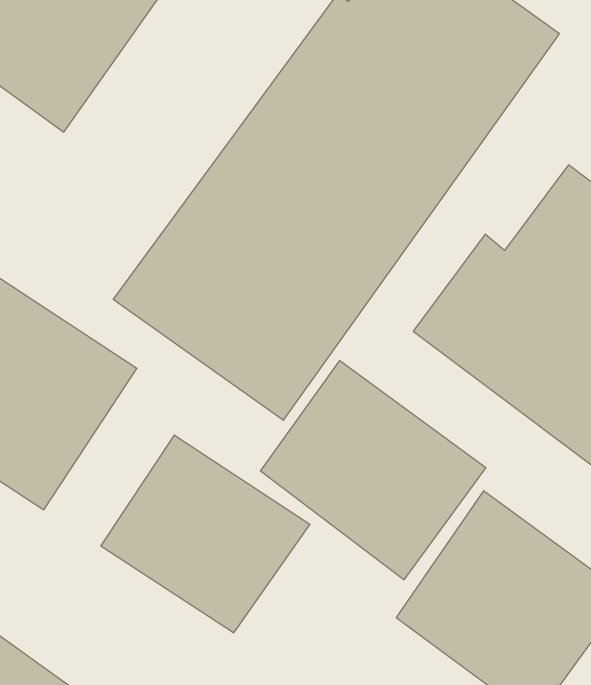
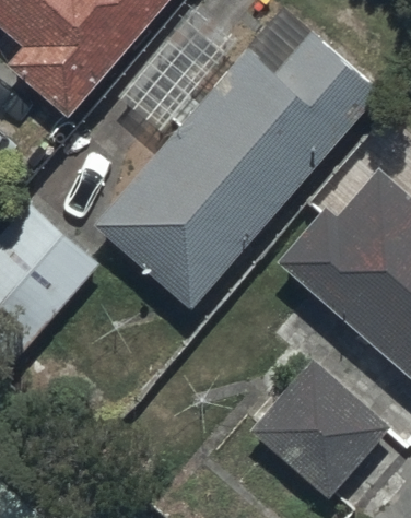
building: [261,361,486,580] -> none
building: [101,435,310,633] -> none

